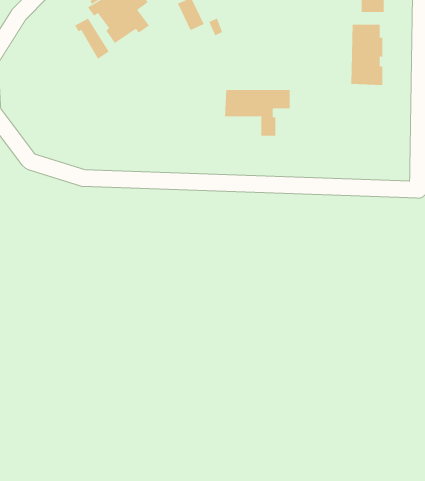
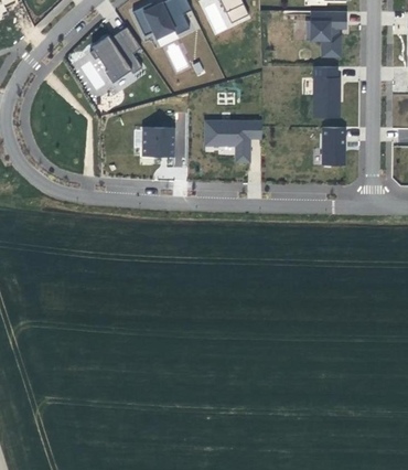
building: none -> [142,127,173,157]
building: none -> [322,127,345,164]

